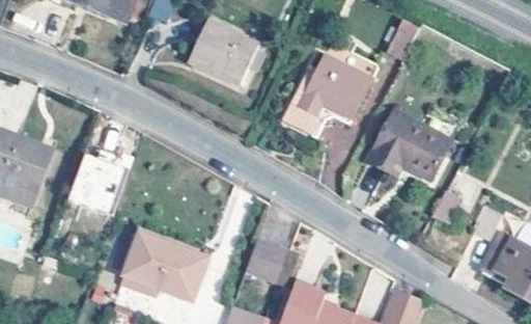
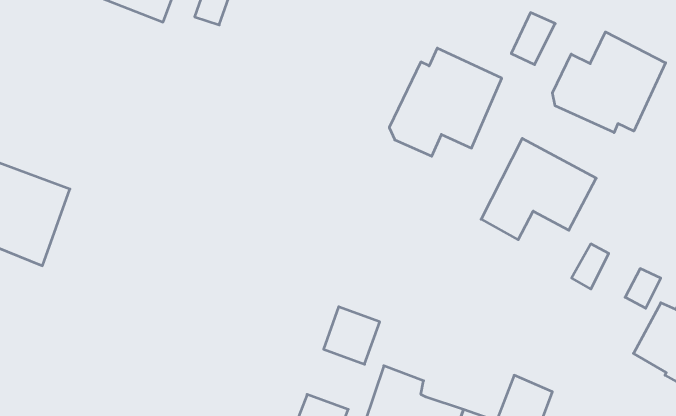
building: [191,22,261,87] -> none
building: none -> [552,32,666,133]
building: [65,153,123,215] -> none
building: [125,230,211,298] -> none

